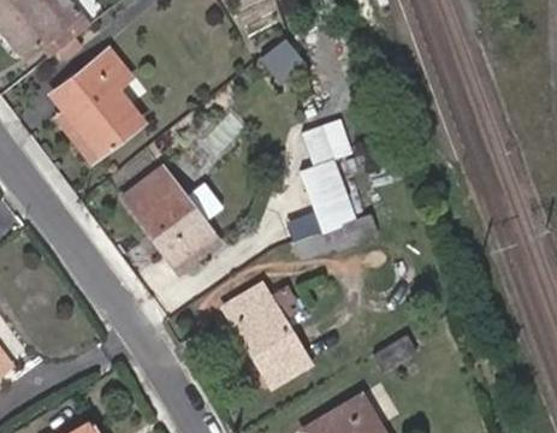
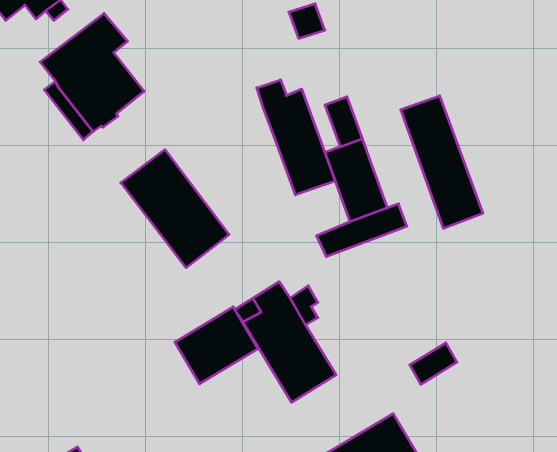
building: none -> [257,80,335,195]
building: none -> [401,96,483,228]
building: none -> [175,307,258,384]

